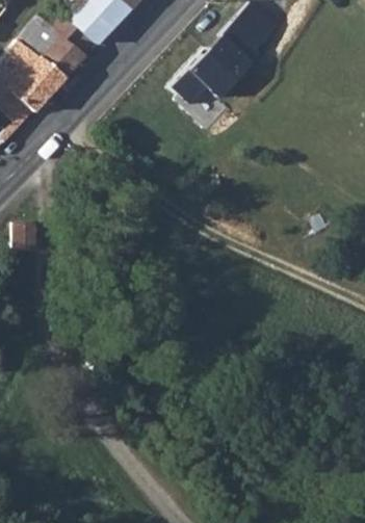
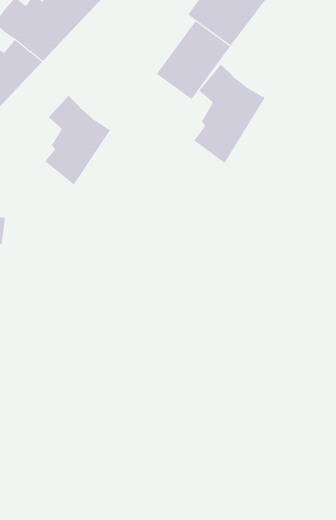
building: none -> [194,64,265,164]
building: none -> [45,95,111,185]

